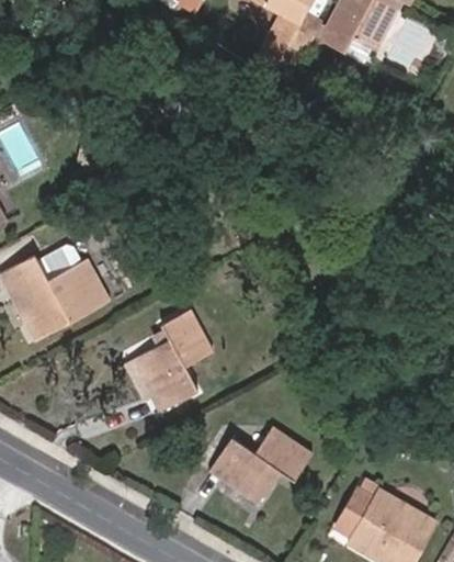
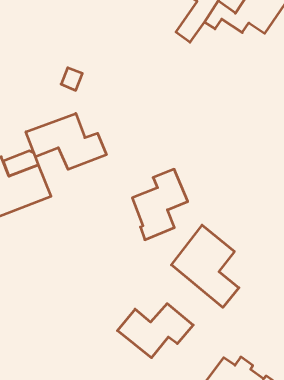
building: none -> [26,113,106,169]
building: [137,310,213,409] -> [132,169,188,240]
building: none -> [171,225,239,307]

